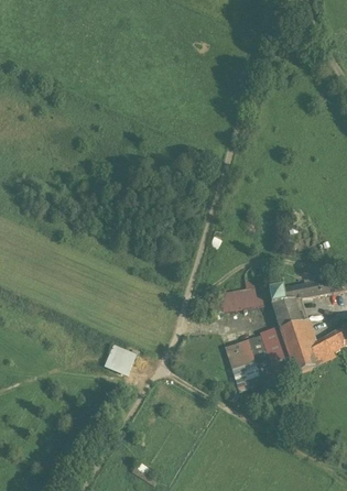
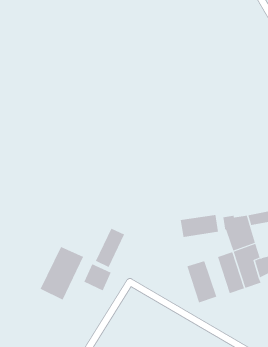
building: none -> [95,228,125,268]
building: none -> [40,246,84,301]

